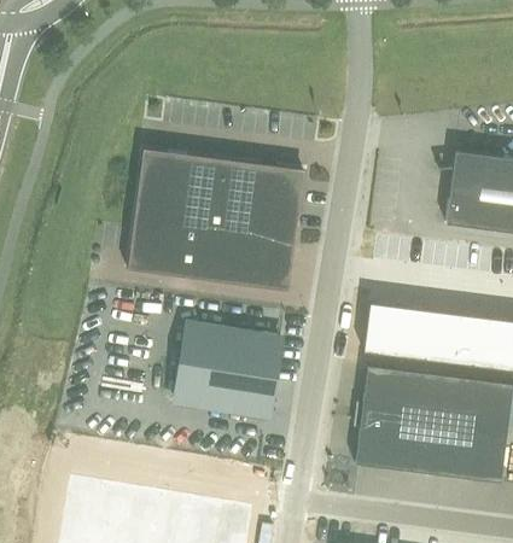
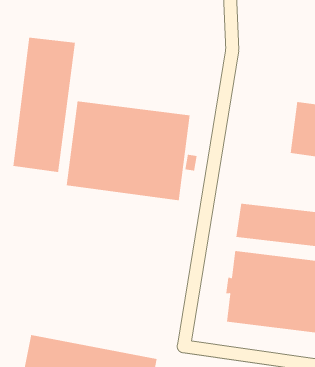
building: none -> [13,37,75,173]
building: [170,332,275,424] -> none

